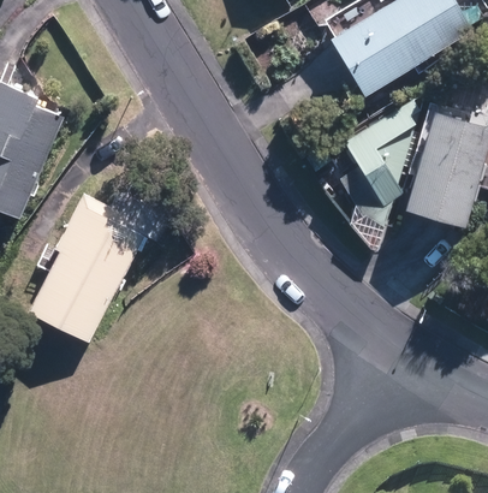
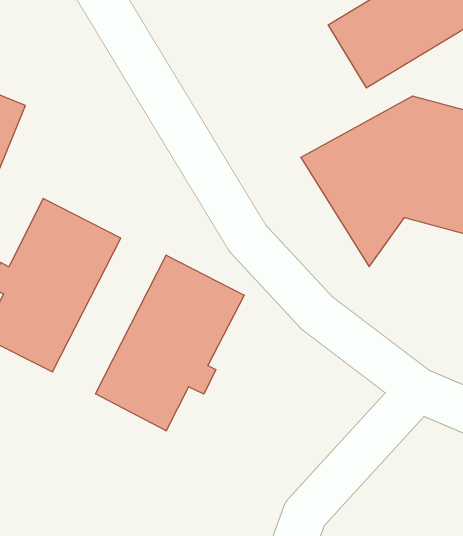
building: none -> [95,255,244,431]

